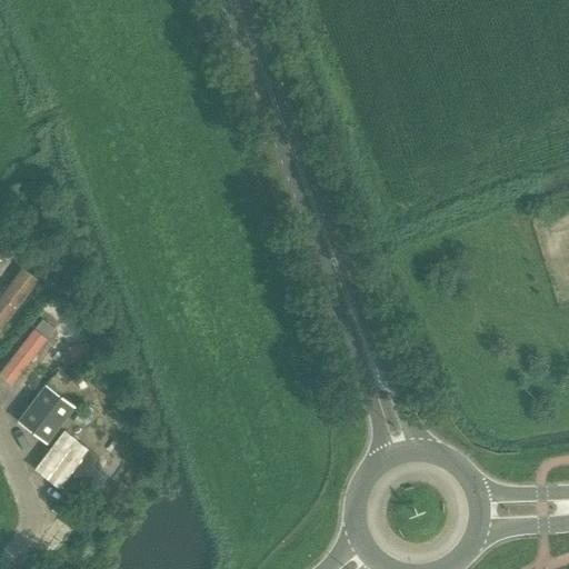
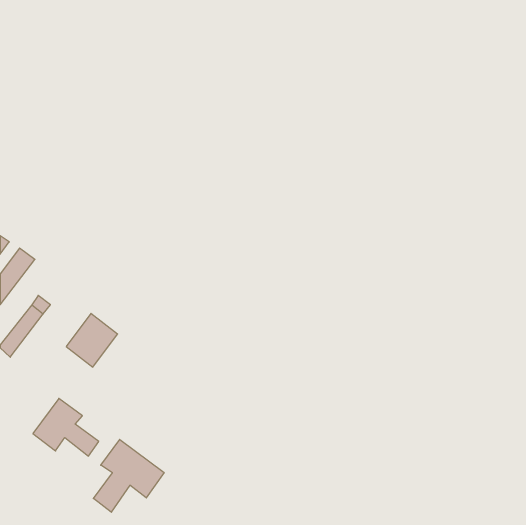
building: [18,387,73,445] -> [66,313,118,367]
building: none -> [93,439,164,512]

